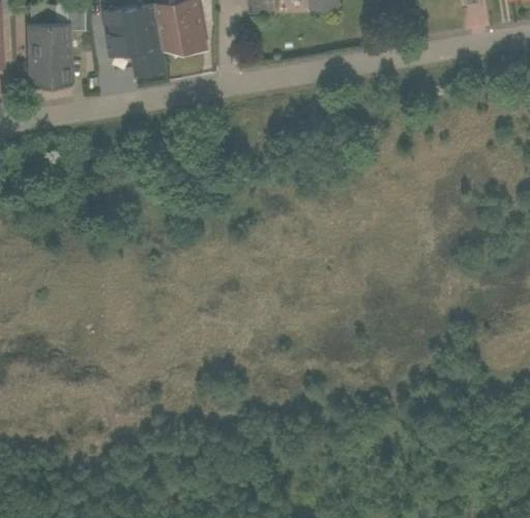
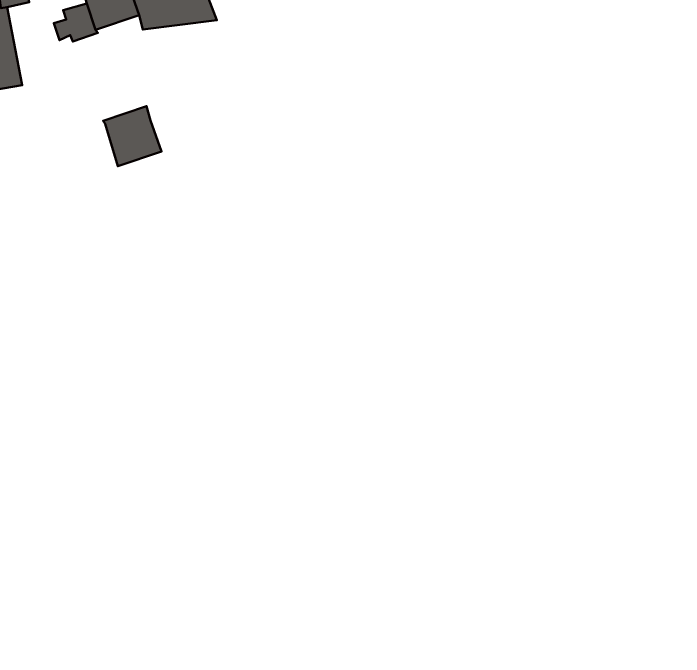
building: [125,42,159,78] -> [103,106,162,166]

